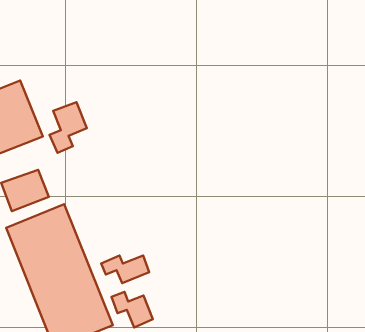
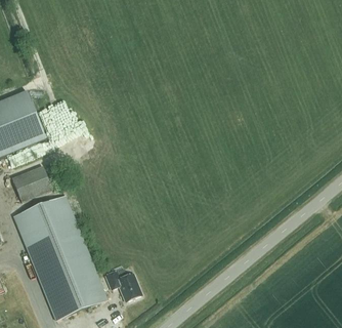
building: [50,102,87,153] -> none
building: [101,255,149,283] -> none

